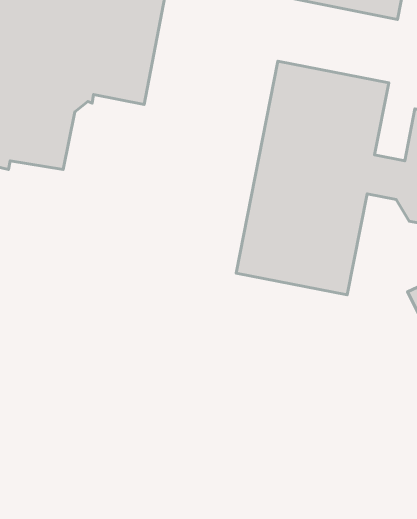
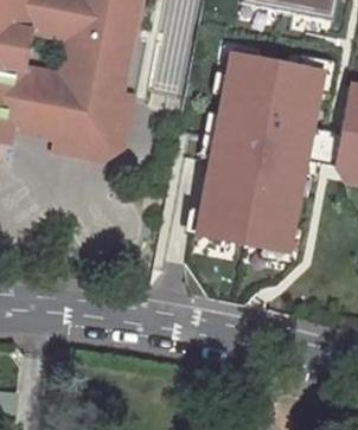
building: none -> [56,78,136,163]

